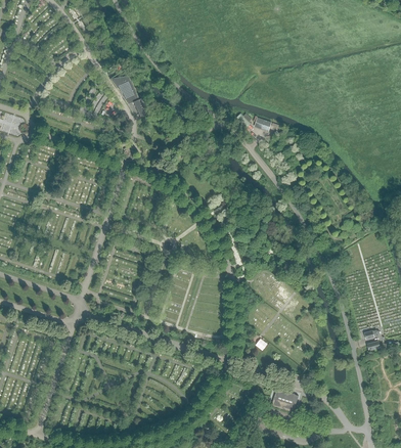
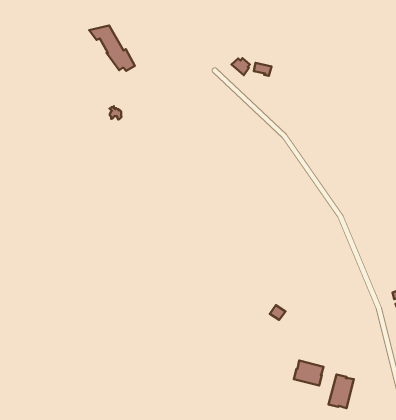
building: none -> [328,374,354,408]

